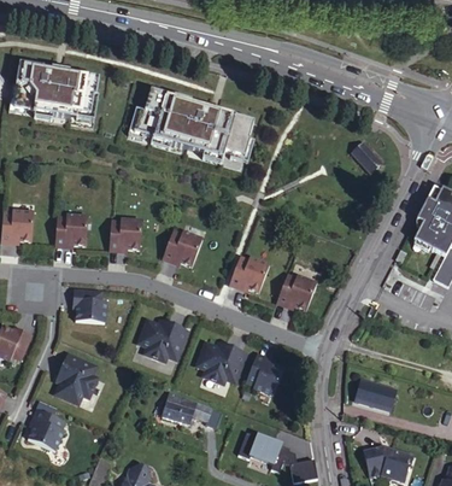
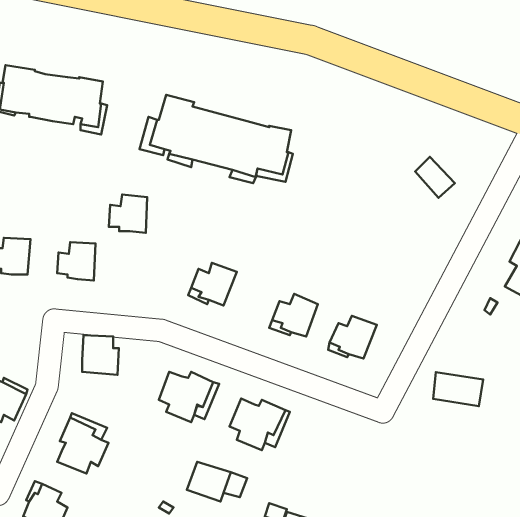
building: [110,216,141,247] -> [109,194,147,233]
building: [248,357,284,393] -> none
building: [353,382,394,410] -> [433,372,483,406]

